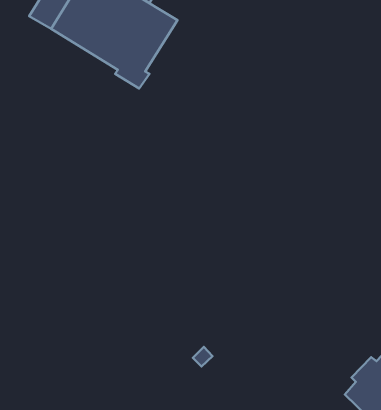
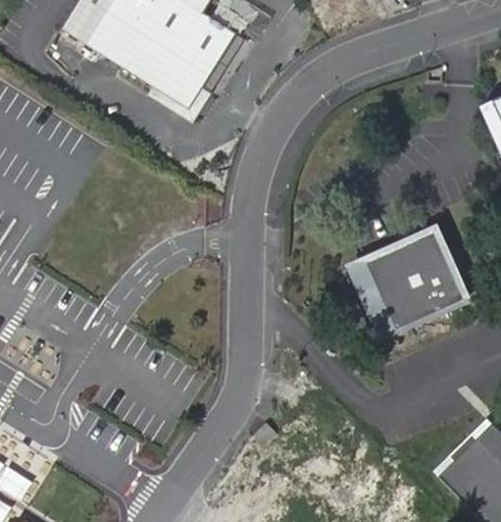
building: none -> [345,224,469,337]

